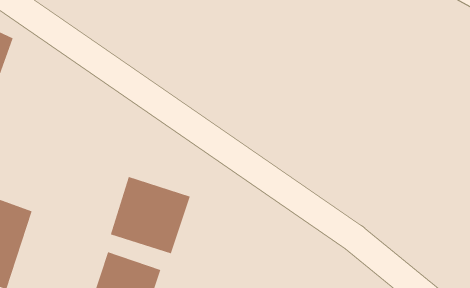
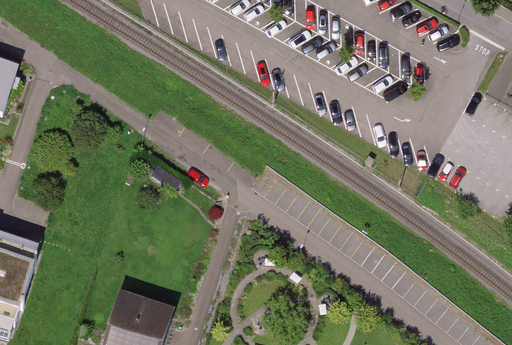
building: [110,176,190,254] -> none

